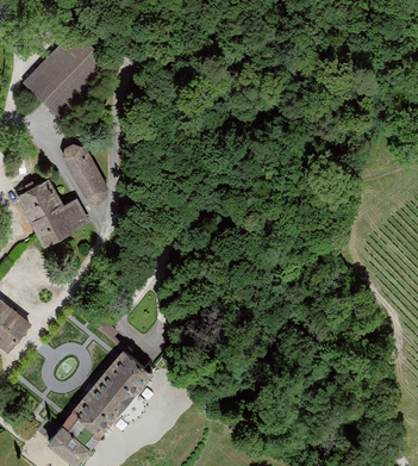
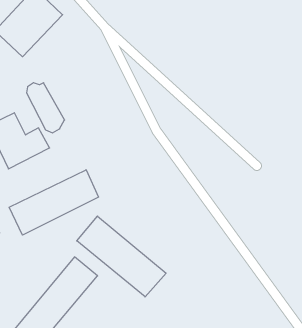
building: none -> [9,170,99,235]
building: none -> [77,216,166,297]

